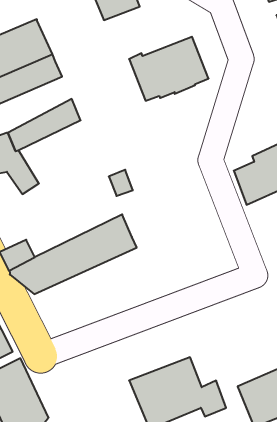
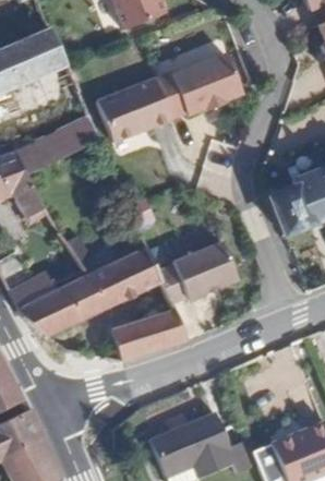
building: none -> [96,76,171,142]
building: none -> [156,240,234,302]
building: none -> [109,310,185,360]

